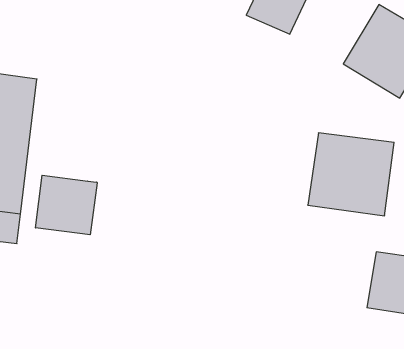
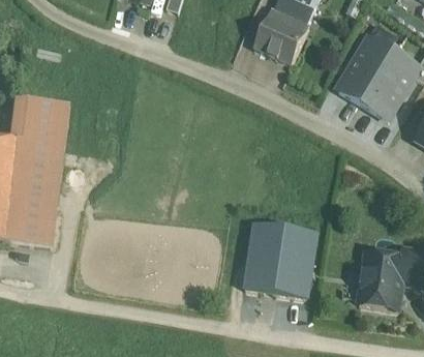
building: [308,133,394,216] -> [242,224,317,296]
building: [36,175,97,235] -> none

